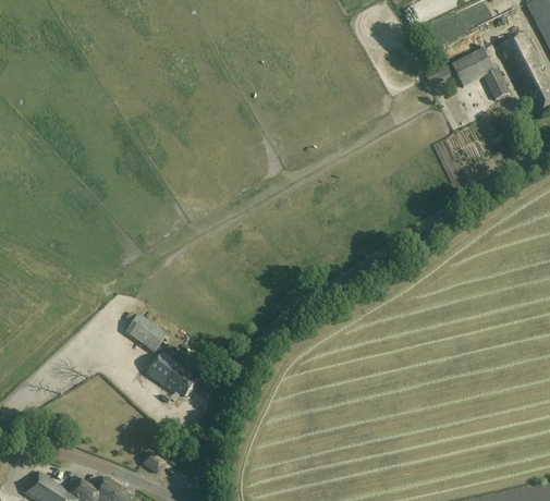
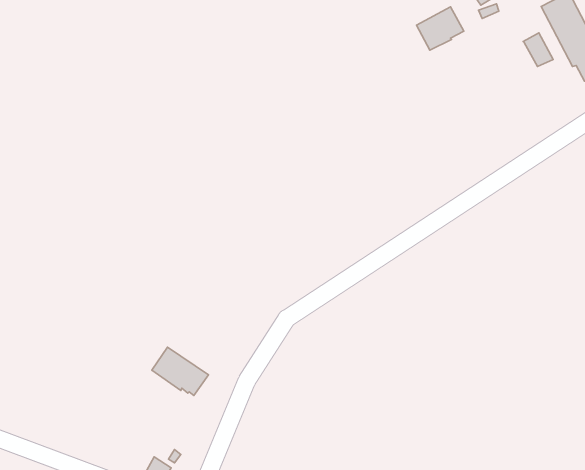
building: [452,47,494,86] -> [417,7,464,50]
building: [126,313,168,351] -> none

